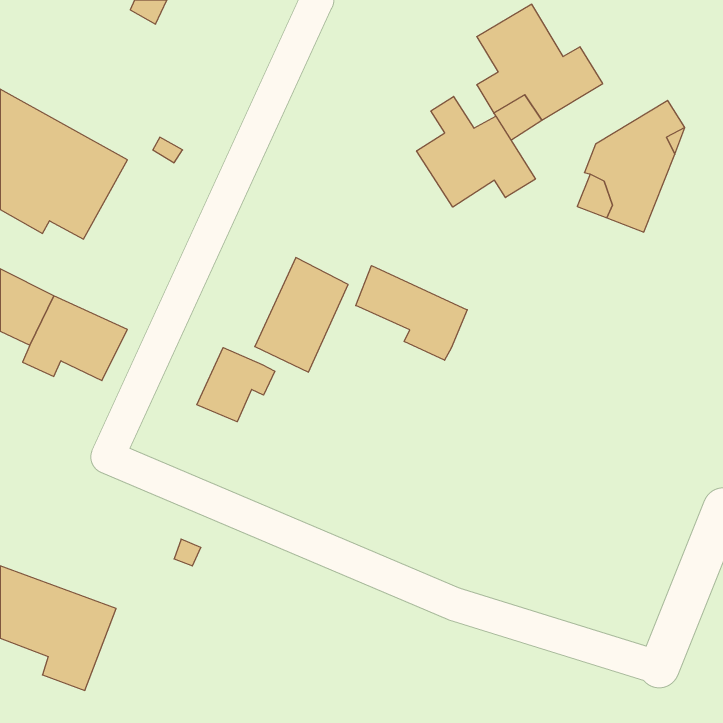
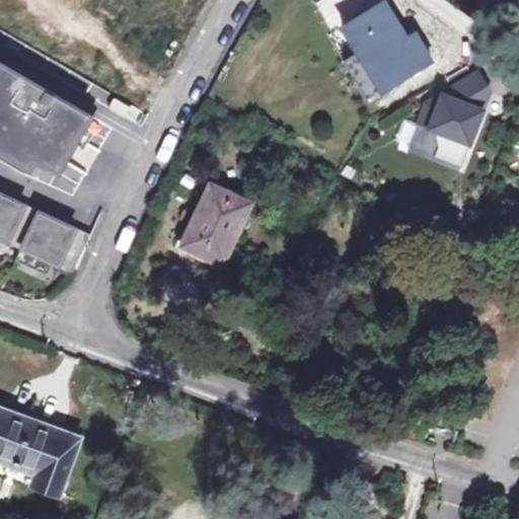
building: [417,96,535,207] -> none
building: [356,266,467,360] -> none
building: [197,348,275,422] -> none

